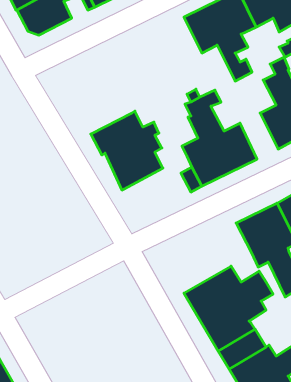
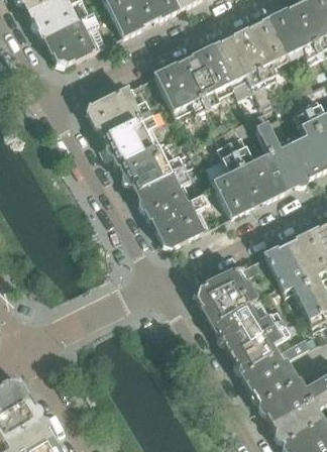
building: none -> [154,45,230,116]
building: none -> [89,85,159,164]
building: none -> [250,111,307,189]
building: none -> [151,191,209,244]
building: none -> [195,253,280,324]

